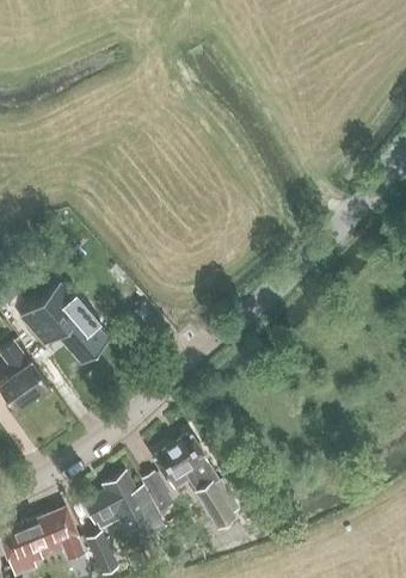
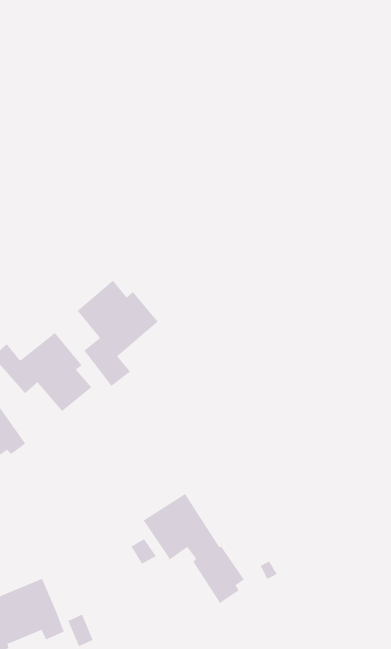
building: none -> [77,280,158,387]
building: [84,473,165,539] -> none

